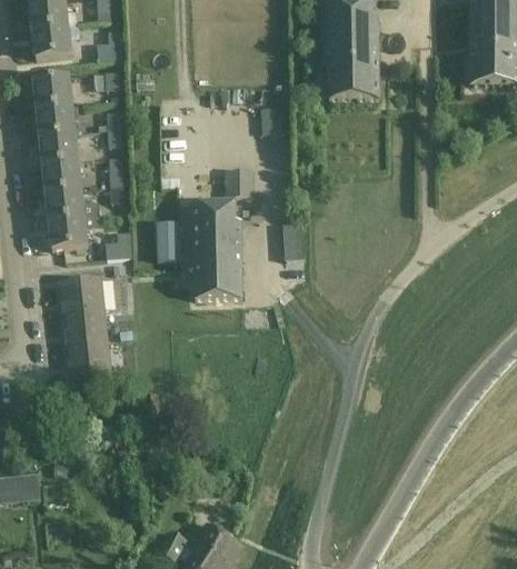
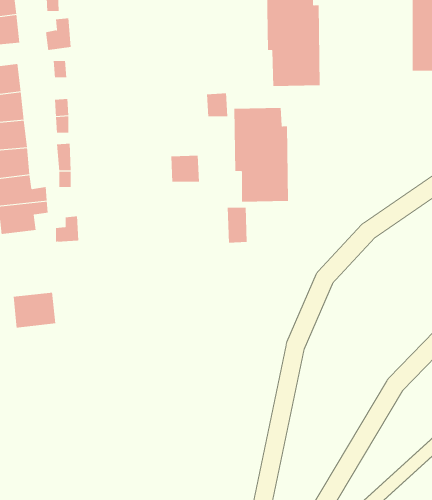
building: [185,201,241,298] -> [233,107,289,202]
building: [152,219,177,259] -> none
building: [59,274,103,312] -> none
building: [66,340,110,378] -> none

